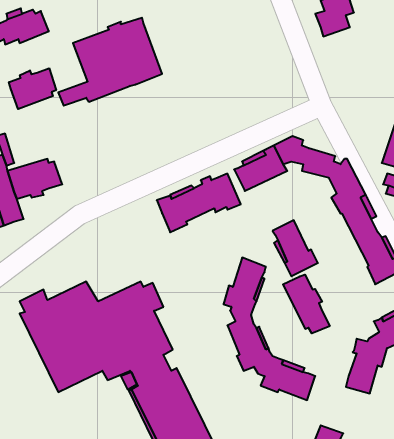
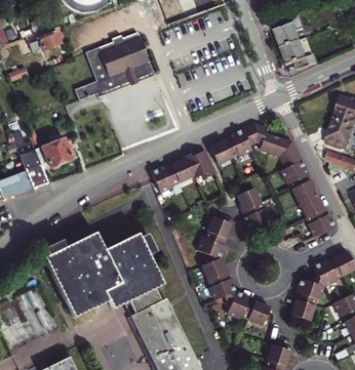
building: none -> [277,38,312,68]
building: [9,68,56,109] -> none
building: [283,275,330,333] -> none

